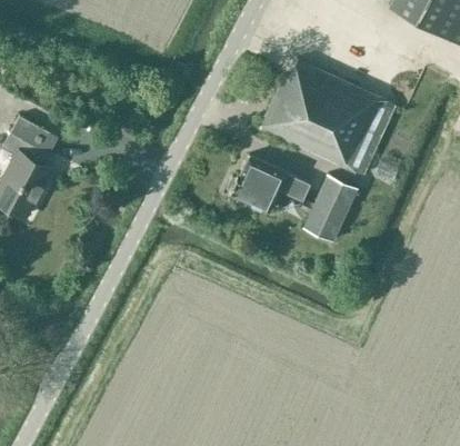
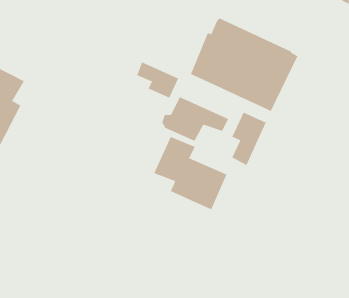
building: none -> [136,61,179,99]
building: none -> [153,136,227,210]

